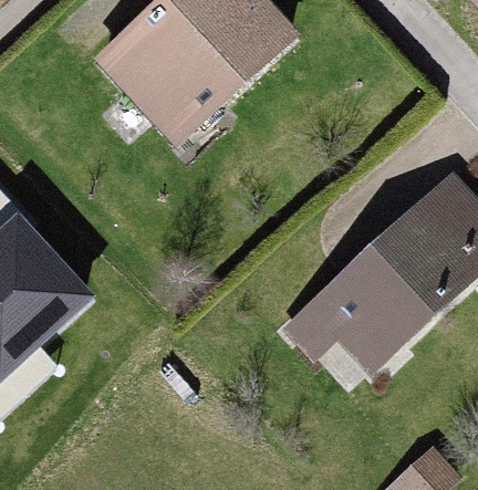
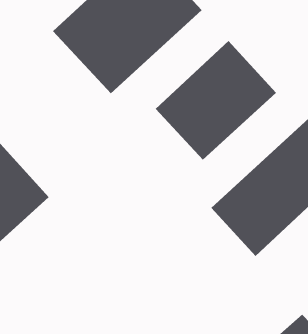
building: none -> [155,40,277,161]

